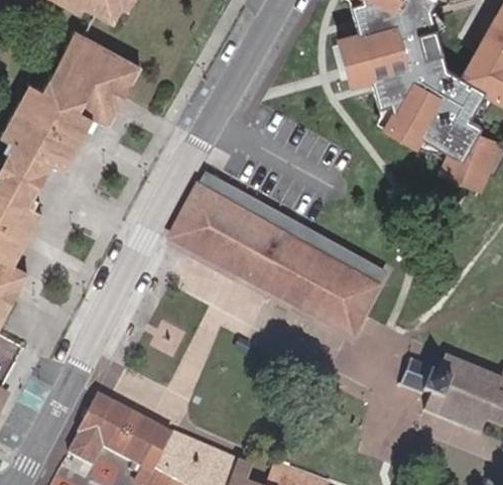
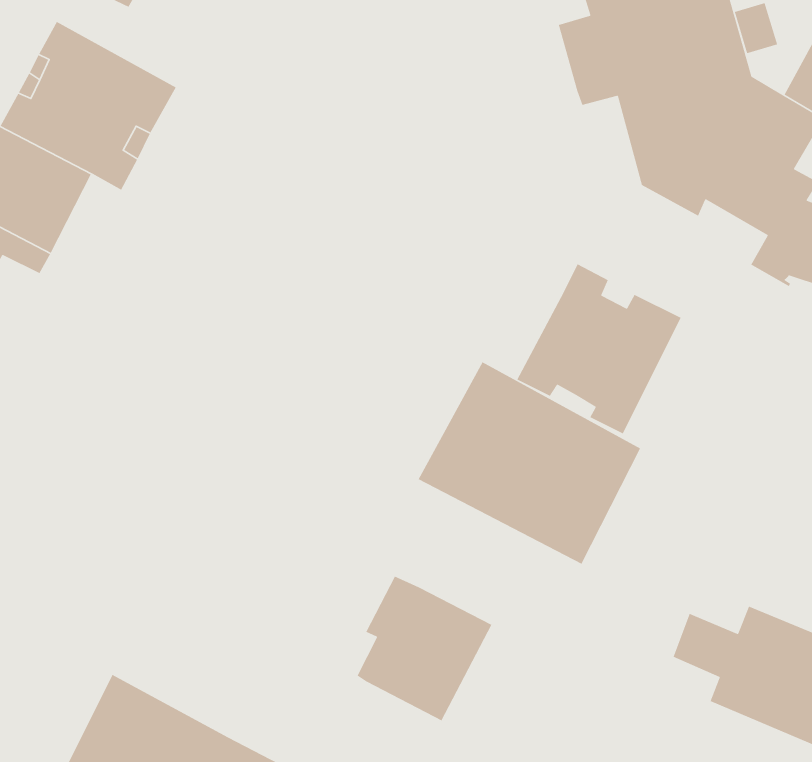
building: none -> [516,263,682,435]
building: [171,173,298,286] -> none
building: none -> [356,575,492,721]

